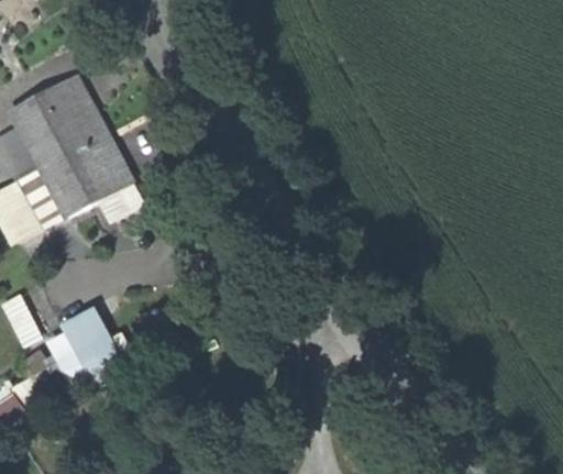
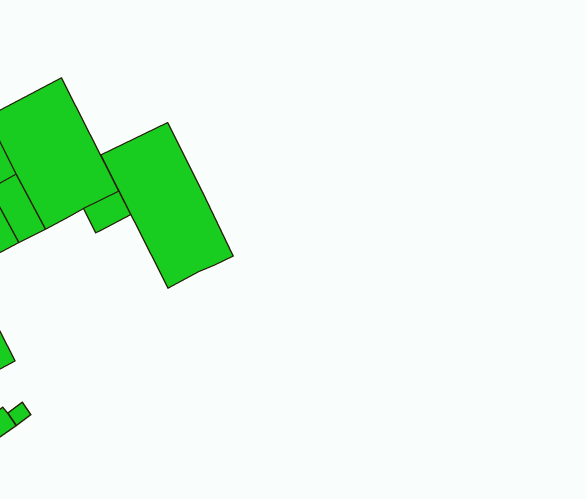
building: none -> [101,123,233,288]
building: [48,307,118,377] -> none

